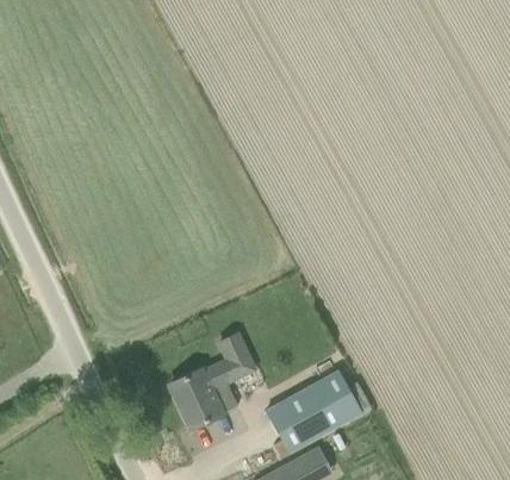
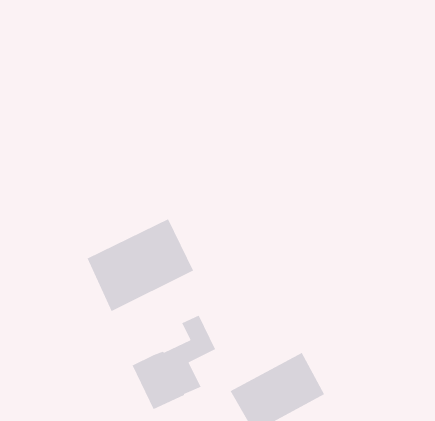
building: none -> [86,218,194,312]

